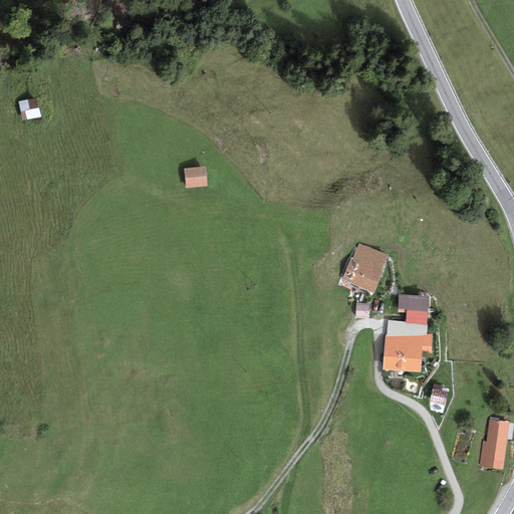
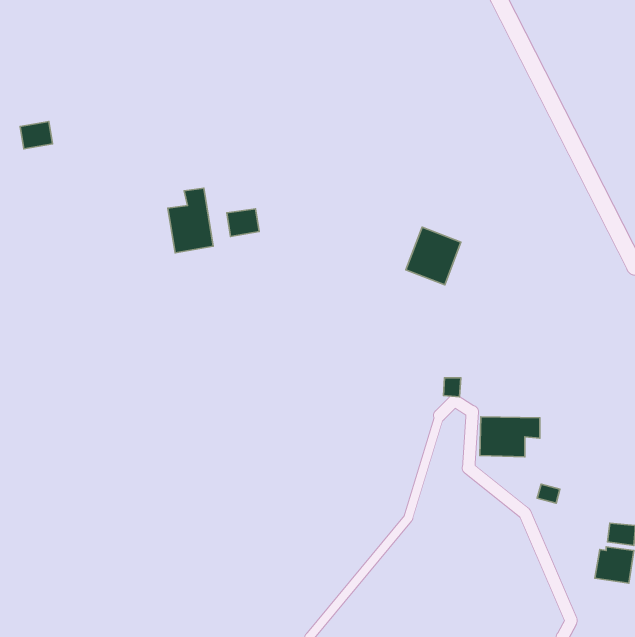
building: none -> [168,188,213,253]
building: [342,244,387,290] -> [406,227,461,285]
building: [400,296,430,331] -> none

